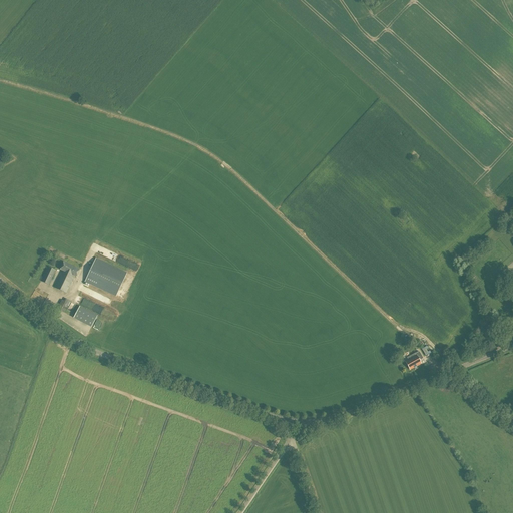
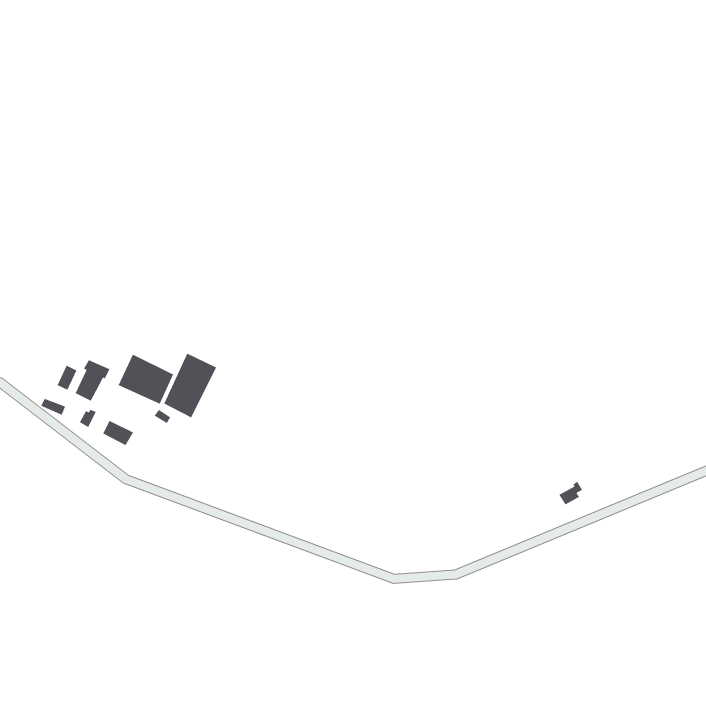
building: none -> [163,353,217,418]

